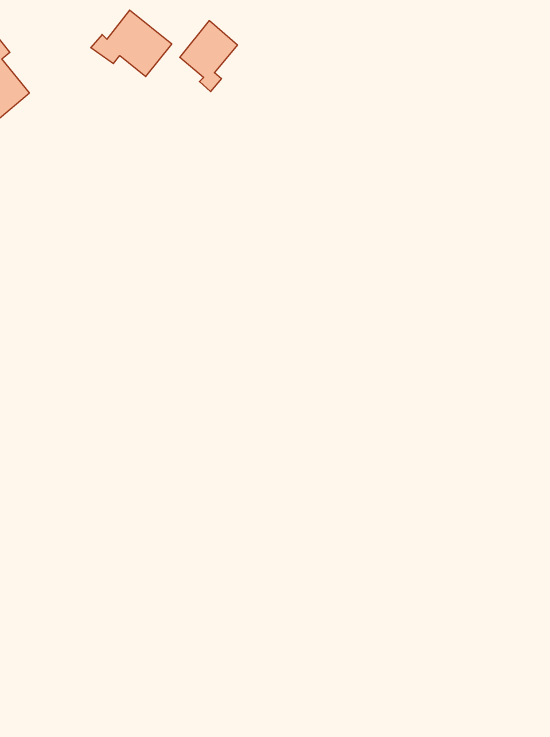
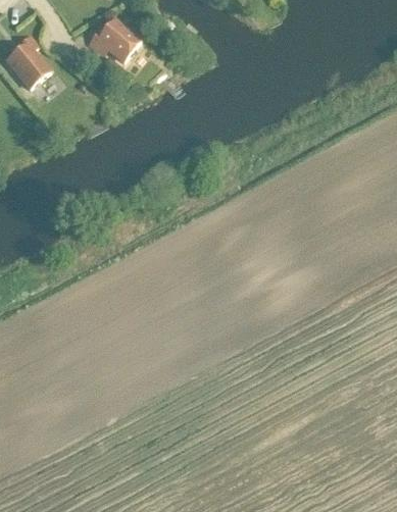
building: [180,21,237,92] -> none

